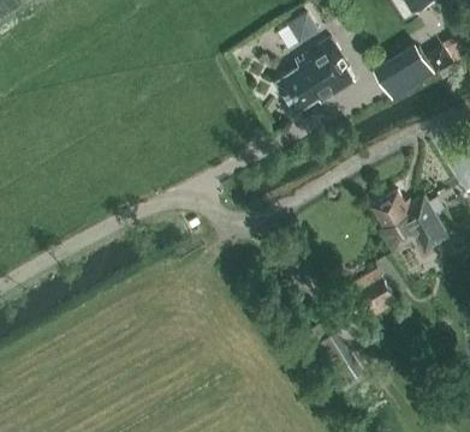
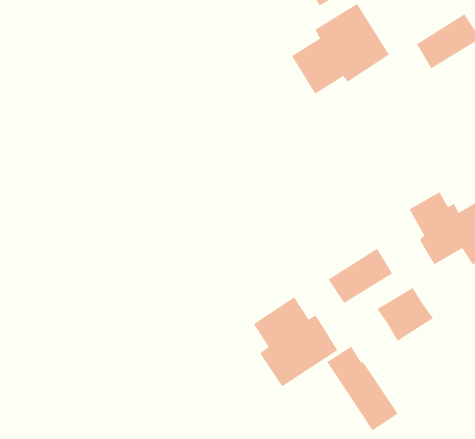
building: none -> [328,248,393,304]
building: none -> [253,296,338,387]

